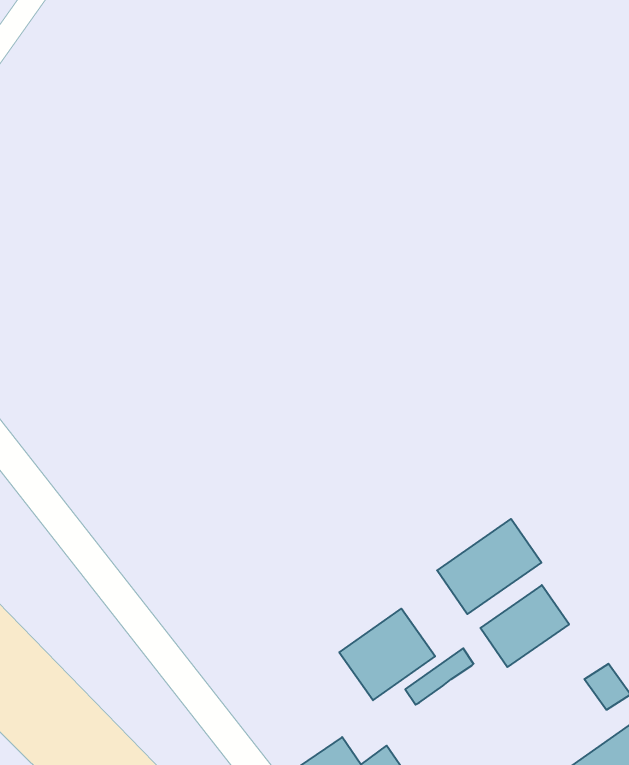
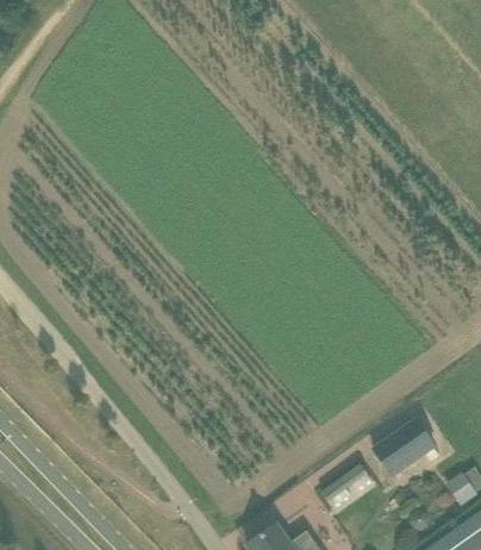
building: [437,519,541,614] -> none
building: [339,609,435,700] -> none

